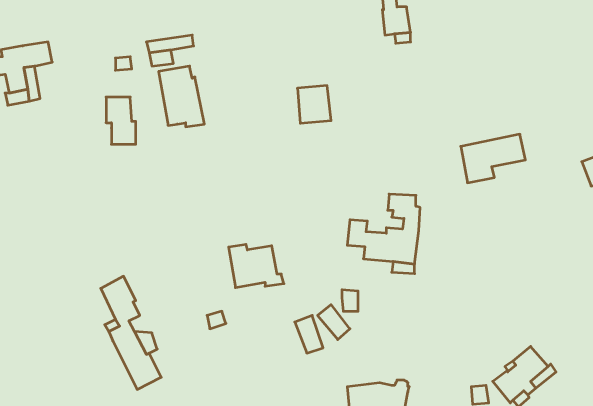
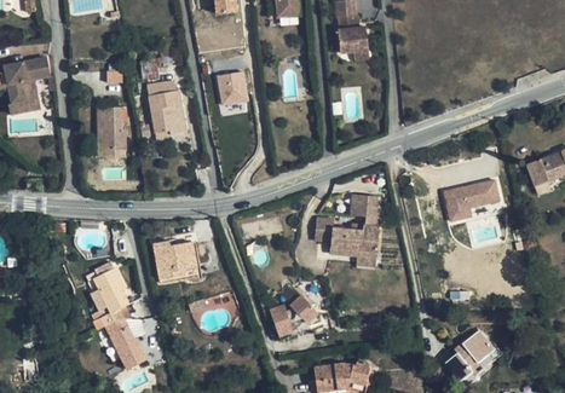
building: [297,86,331,123] -> [217,71,247,105]
building: [461,134,525,183] -> [442,179,500,222]
building: [229,244,284,288] -> [152,241,202,279]

